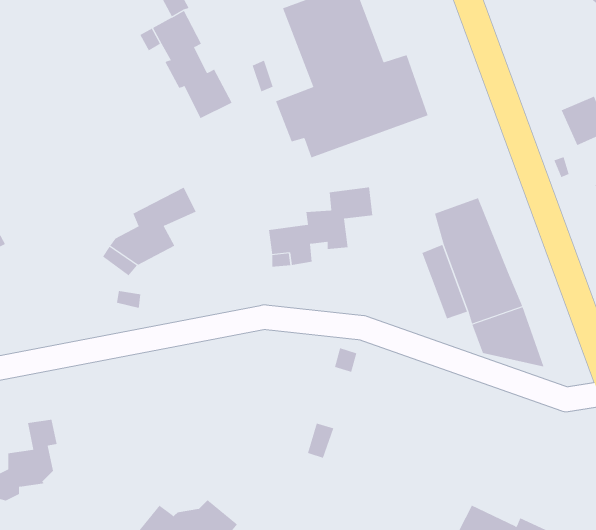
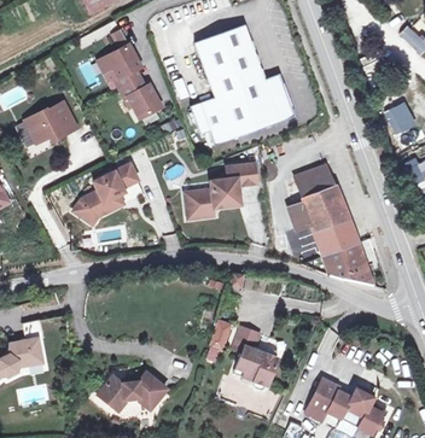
building: none -> [24,101,76,142]
building: none -> [232,326,276,390]

